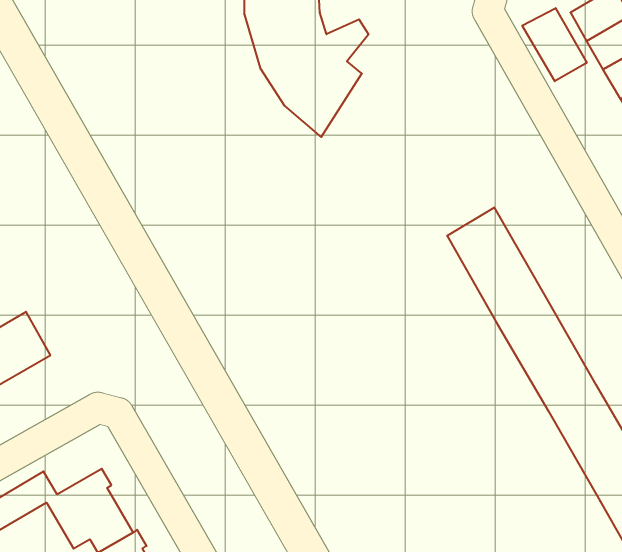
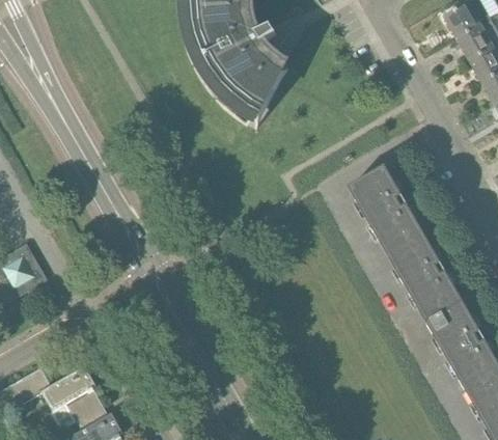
building: [522,8,587,81] -> none

